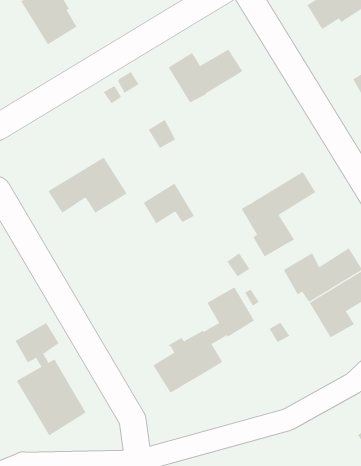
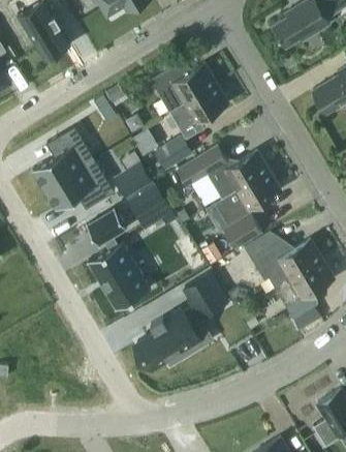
building: none -> [168,84,226,128]
building: none -> [31,126,93,189]
building: none -> [155,134,192,170]
building: none -> [177,146,268,200]
building: none -> [116,164,152,197]
building: [15,322,87,436] -> [86,209,149,309]

